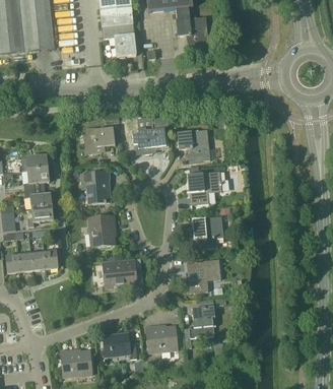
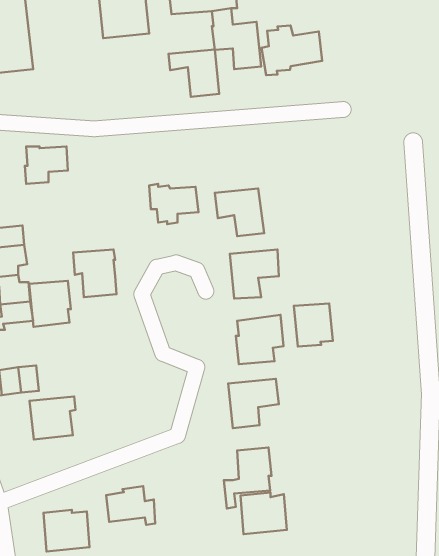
building: none -> [262,25,322,75]
building: [102,23,136,56] -> [169,49,219,97]
building: [85,127,115,152] -> [25,147,68,184]
building: none -> [294,303,333,346]
building: [88,215,117,247] -> [29,281,71,327]
building: [104,259,135,288] -> [29,396,76,440]
building: [146,324,178,352] -> [241,493,287,534]

